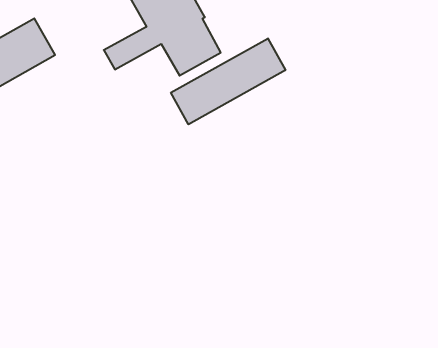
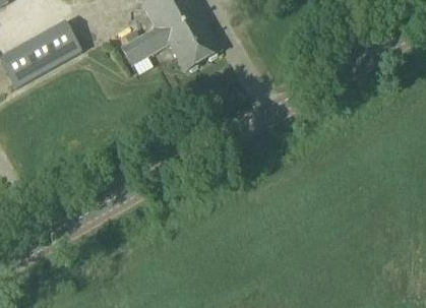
building: [171,38,285,124] -> none

